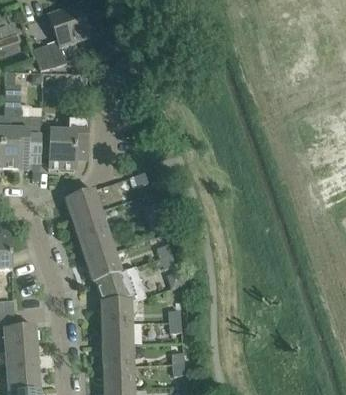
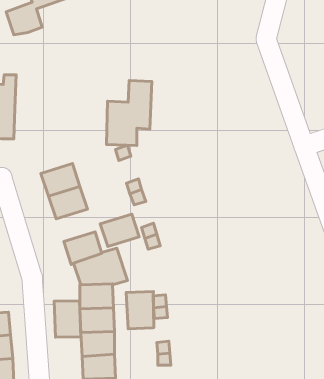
building: [48,110,90,170] -> [106,81,152,146]
building: [79,231,115,261] -> [100,214,139,247]
building: none -> [126,291,154,329]
building: none -> [54,301,81,337]

